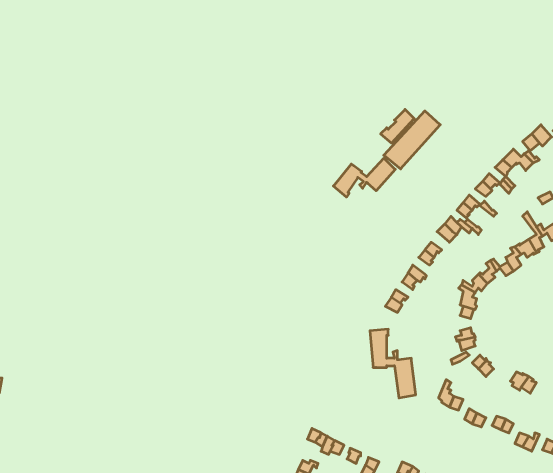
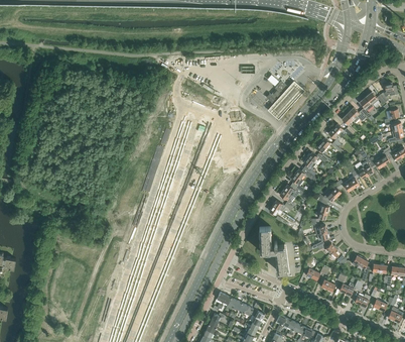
building: [333,158,395,197] -> none

